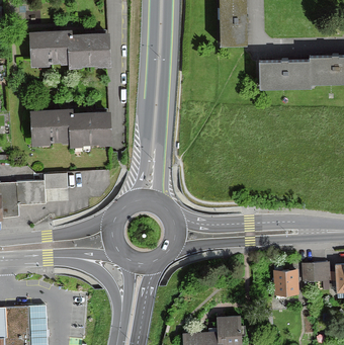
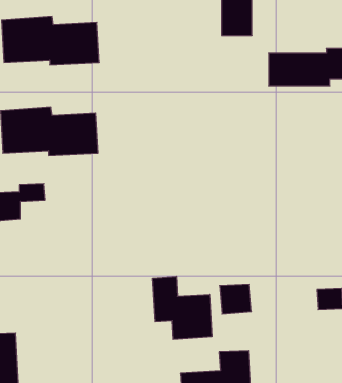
building: none -> [153,276,212,339]
building: [272,270,299,295] -> [220,285,252,314]

